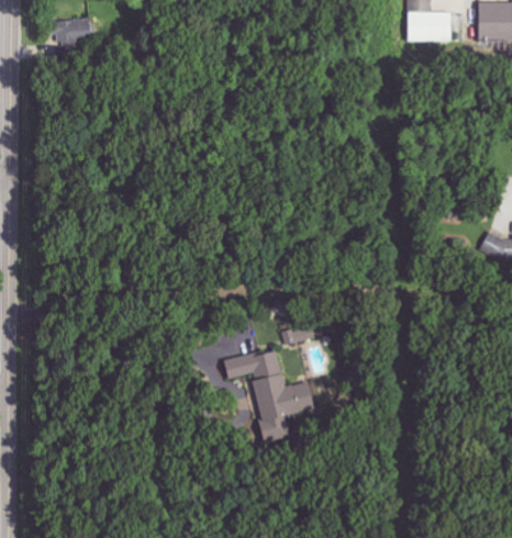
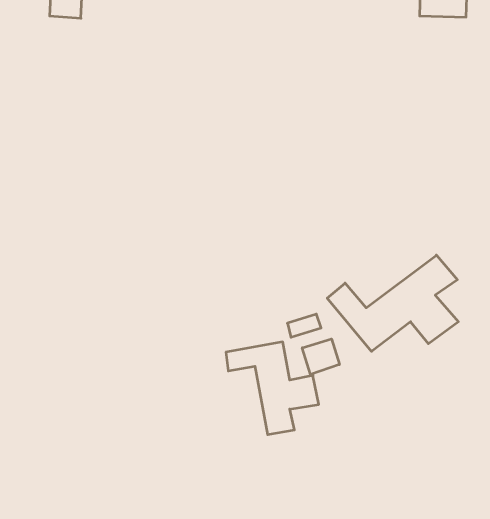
building: none -> [327,255,458,351]
building: none -> [302,339,339,375]

